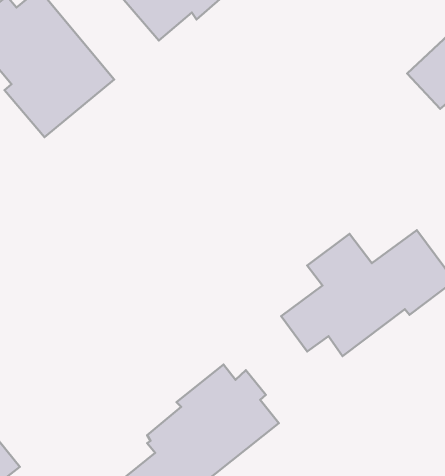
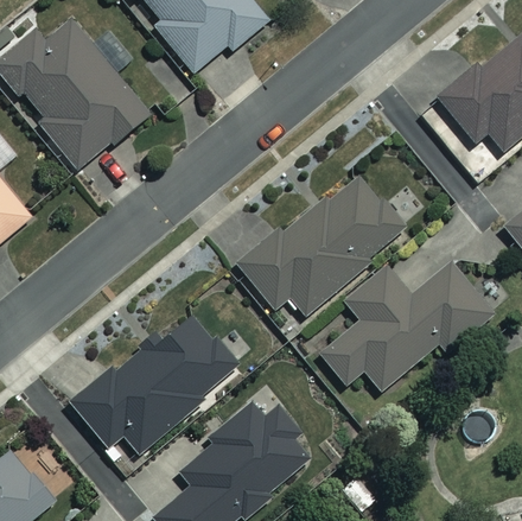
building: none -> [241,169,406,314]
building: none -> [70,312,236,453]

